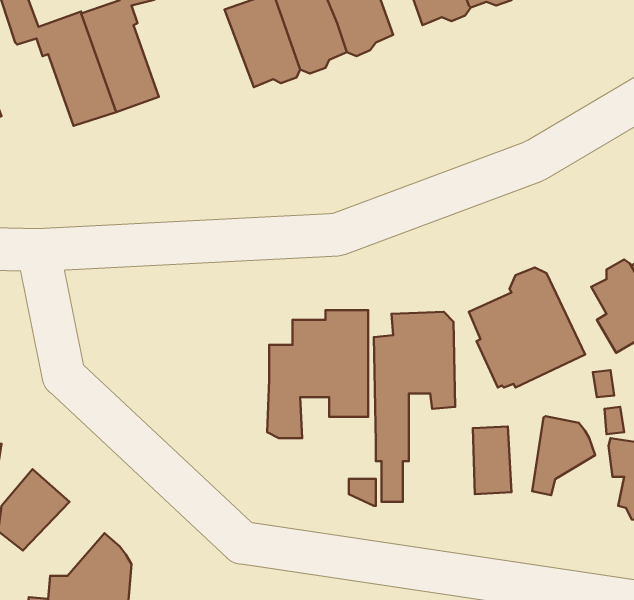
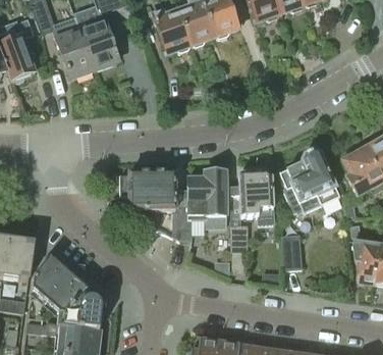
building: none -> [121,172,175,227]
building: [532,416,595,495] -> none
building: none -> [46,272,89,311]

